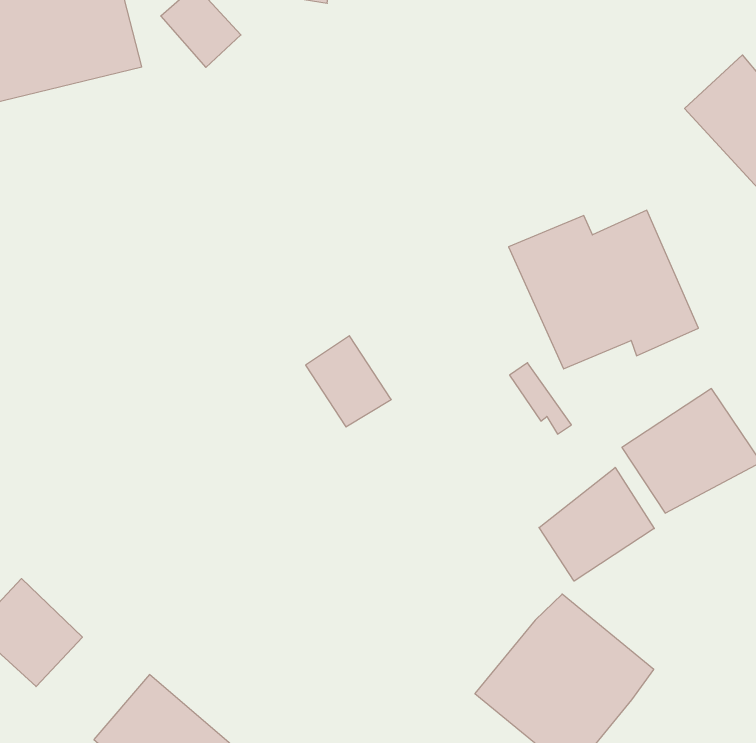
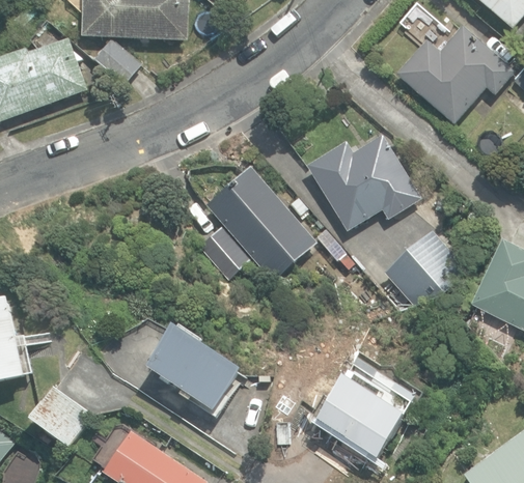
building: none -> [208,167,315,280]
building: [539,467,654,581] -> none
building: none -> [147,325,242,410]

